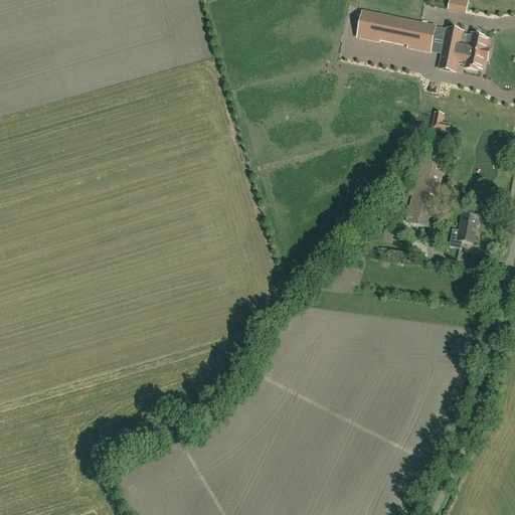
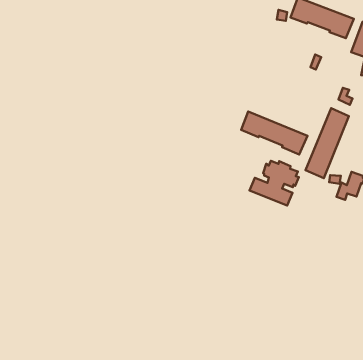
building: none -> [241,111,307,154]
building: none -> [250,161,299,206]

